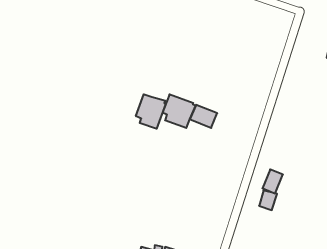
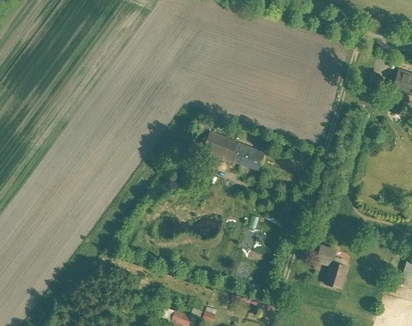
building: [136,94,166,129] -> none
building: [262,169,283,193] -> [324,260,348,288]

